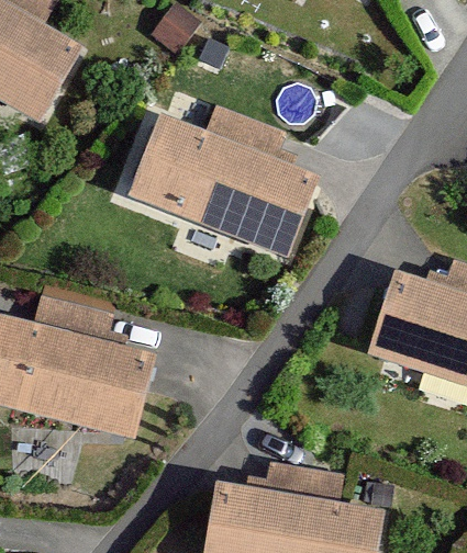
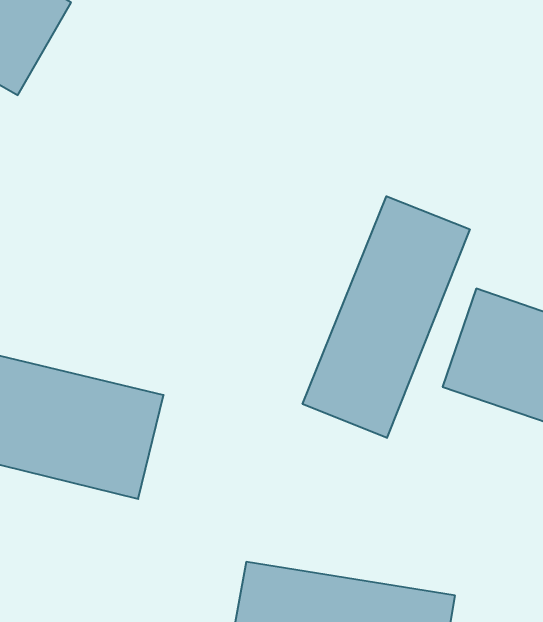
building: [129,113,315,252] -> none
building: none -> [303,196,470,438]

